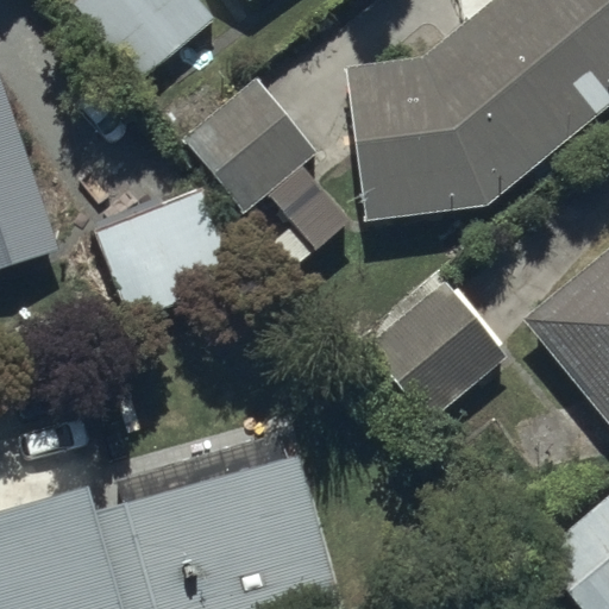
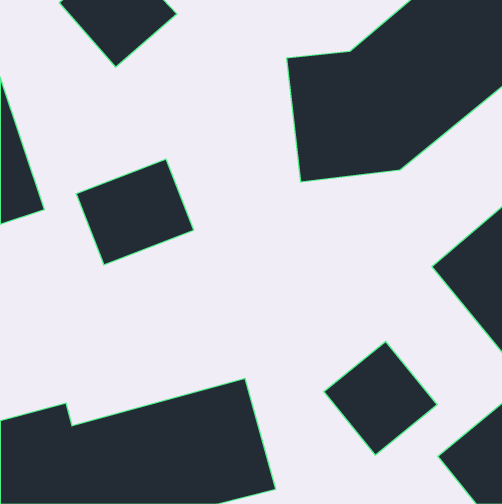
building: [183,77,316,212] -> none
building: [368,283,504,420] -> [324,341,437,455]

